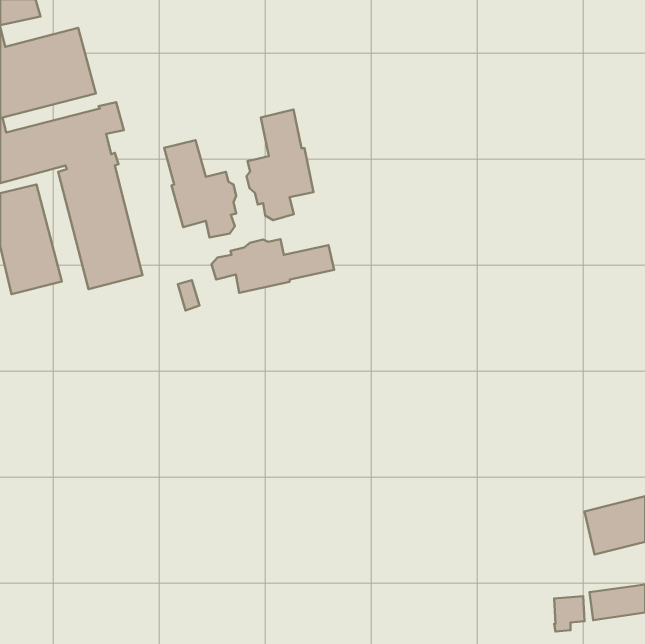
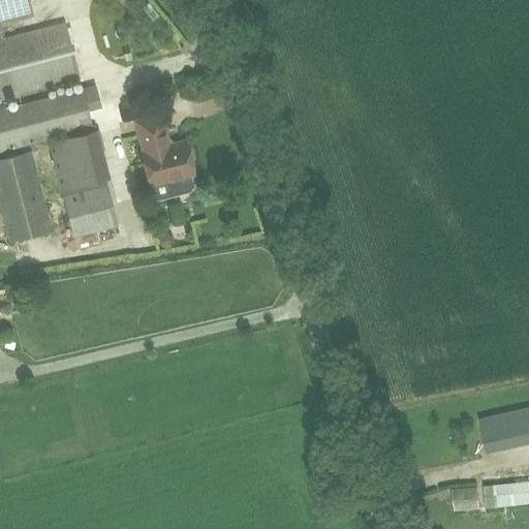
building: [247,110,314,220] -> none
building: [211,239,334,293] -> none

